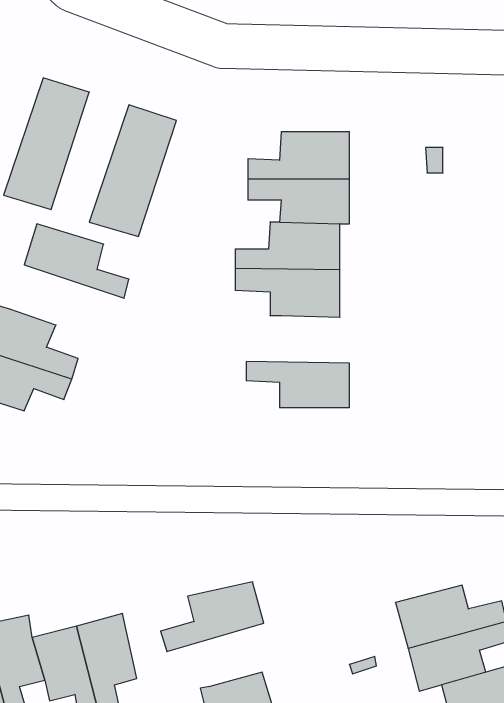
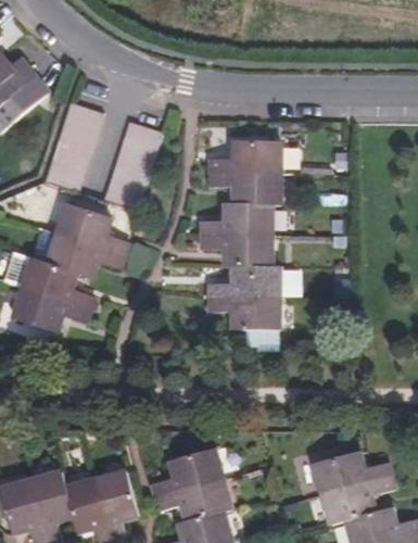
building: none -> [48,231,126,277]
building: none -> [210,266,280,299]
building: none -> [155,477,229,520]

